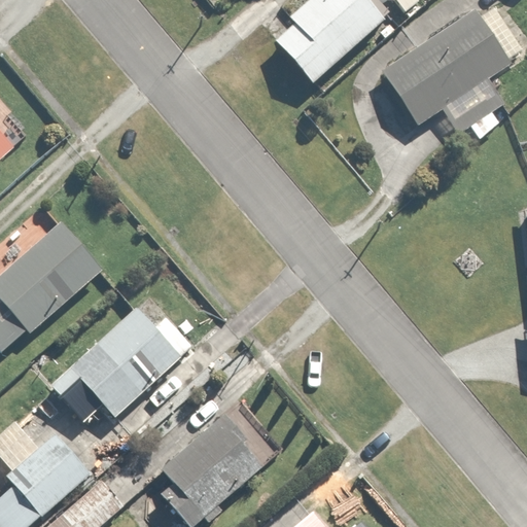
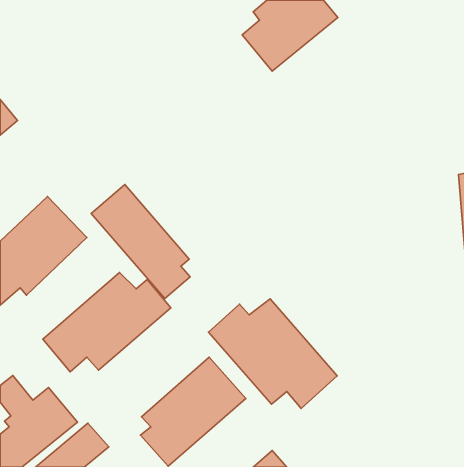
building: [383,12,510,138] -> none
building: none -> [91,185,190,299]
building: none -> [209,299,337,408]

